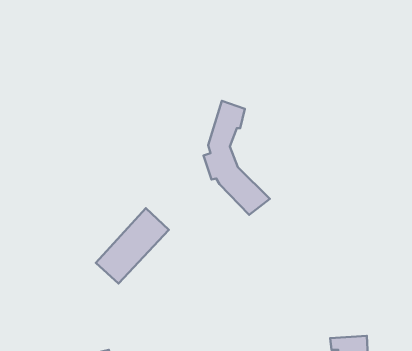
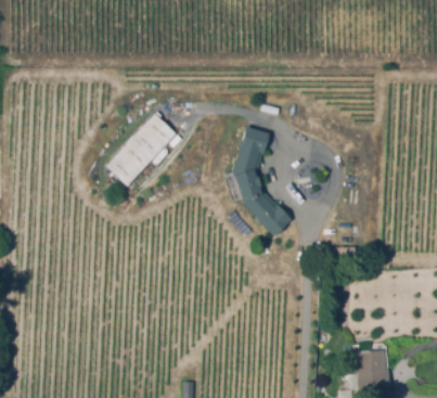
building: [96,208,169,284] -> [105,113,175,184]

